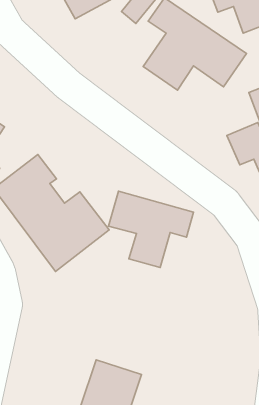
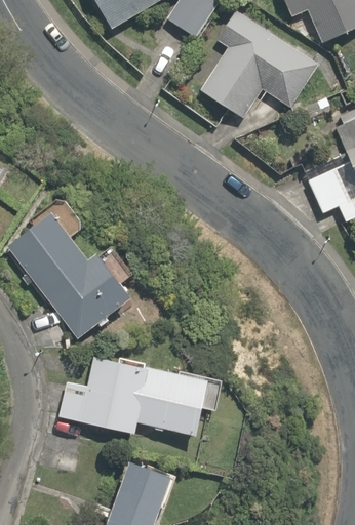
building: [108,191,193,267] -> none
building: none -> [50,349,240,445]

